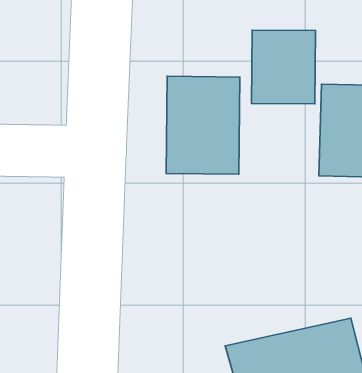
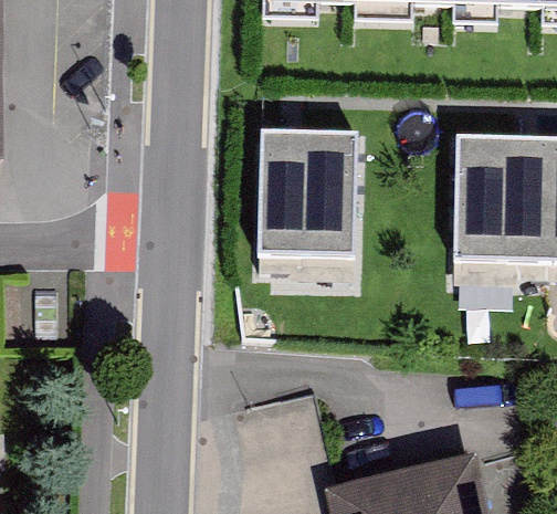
building: [252,30,315,104] -> none

